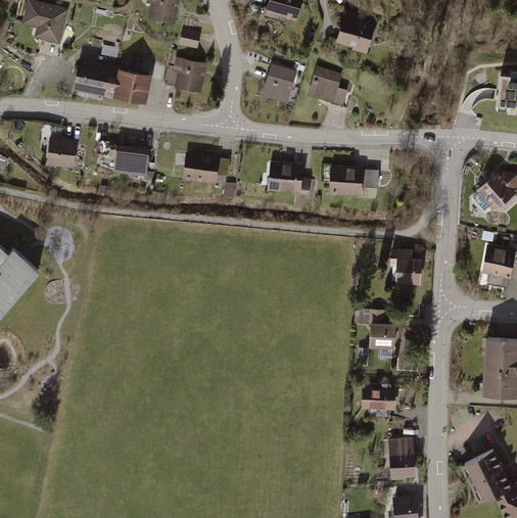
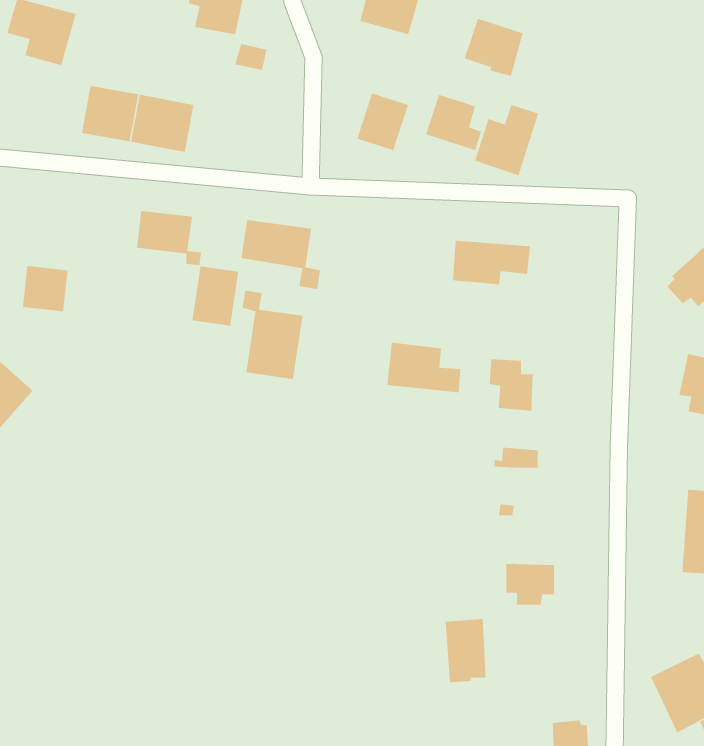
building: [172,56,208,96] -> none
building: none -> [474,104,539,176]
building: [45,138,77,170] -> [22,266,68,312]
building: [265,160,316,195] -> [387,342,461,393]
building: none -> [192,266,239,326]
building: none -> [242,290,303,380]
building: [391,247,422,283] -> [489,359,534,411]
building: [370,322,396,346] -> none
building: [388,435,417,479] -> [445,619,486,683]

